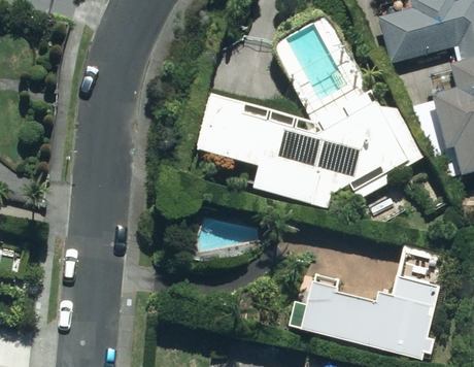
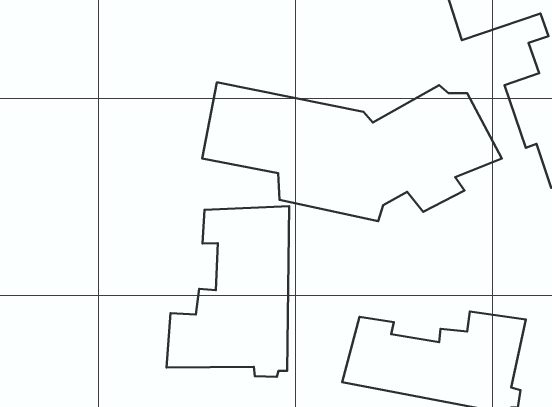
building: none -> [167,206,289,377]

